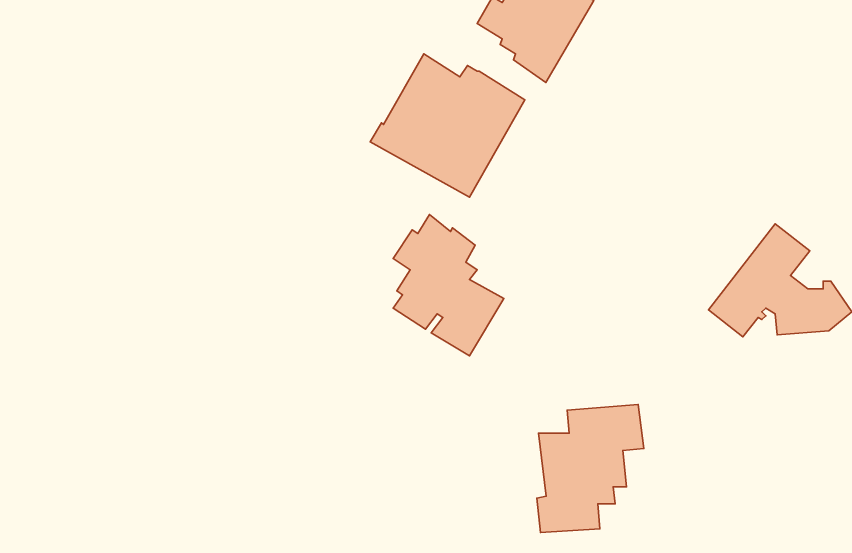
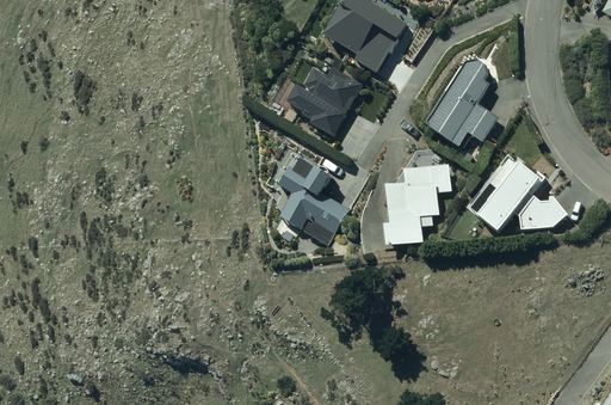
building: none -> [427,56,498,145]
building: [537,405,644,533] -> [383,162,450,243]

